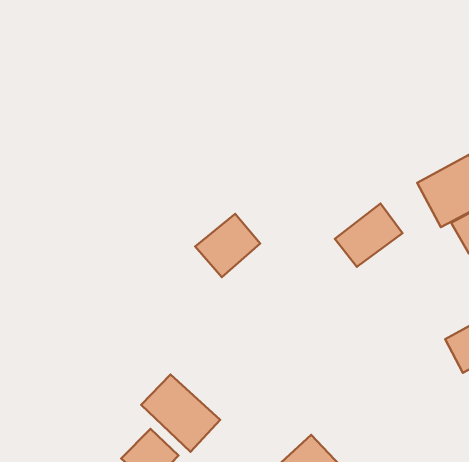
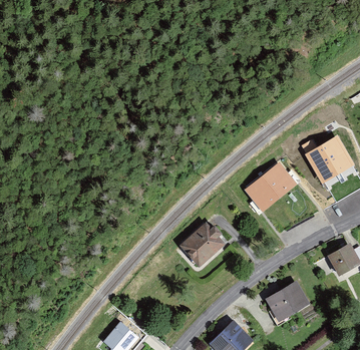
building: [195,214,260,277] -> [181,223,225,266]
building: [141,374,220,452] -> none
building: none -> [262,282,309,325]

